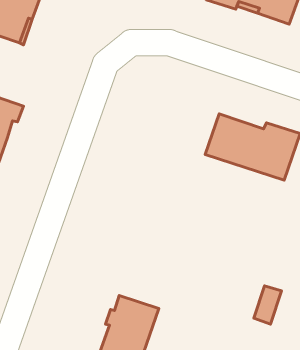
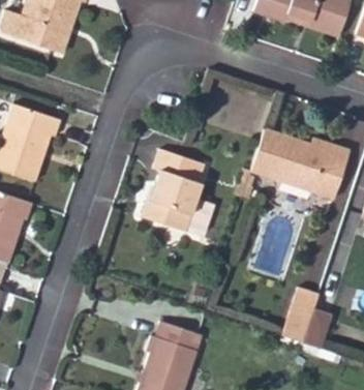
building: none -> [144,150,216,235]
building: none -> [280,287,319,343]

